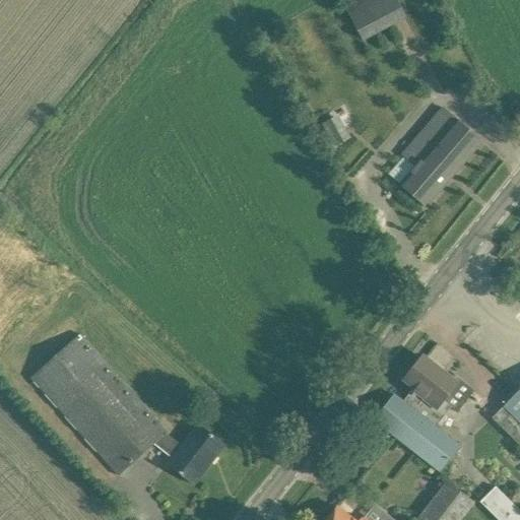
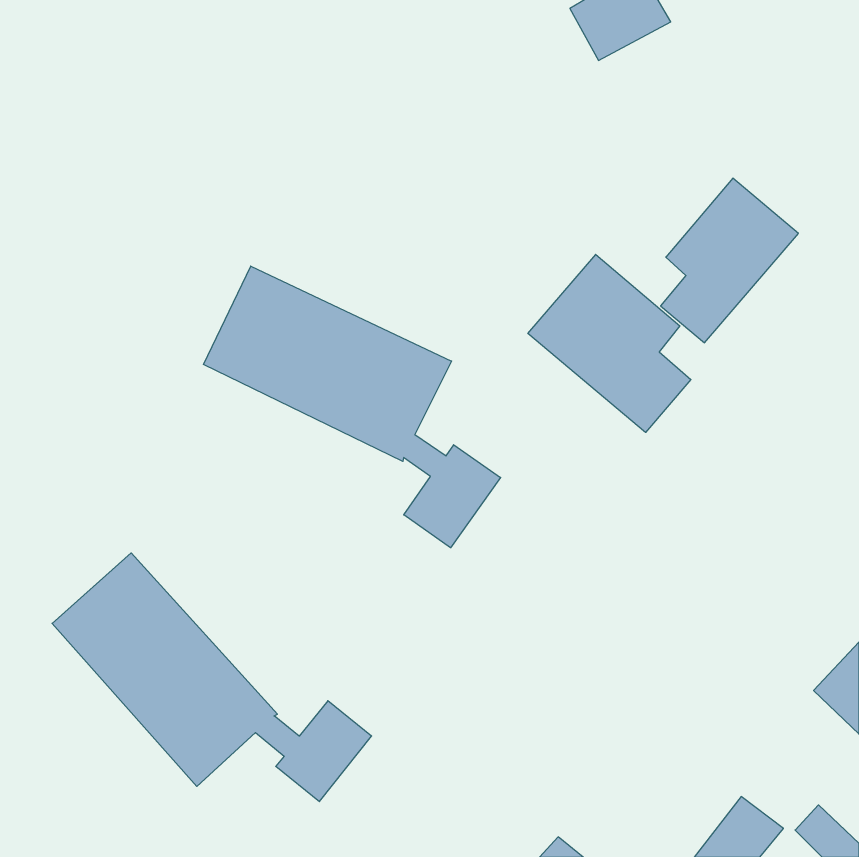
building: none -> [528,254,691,432]
building: none -> [203,266,501,548]
building: [374,356,460,472] -> none

